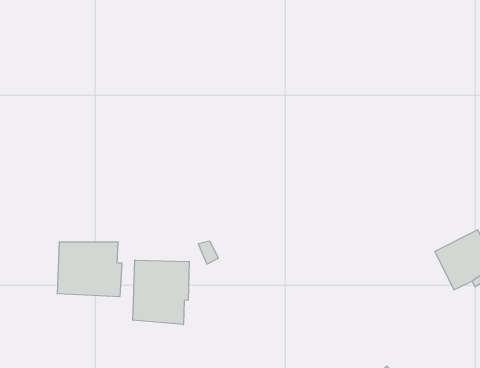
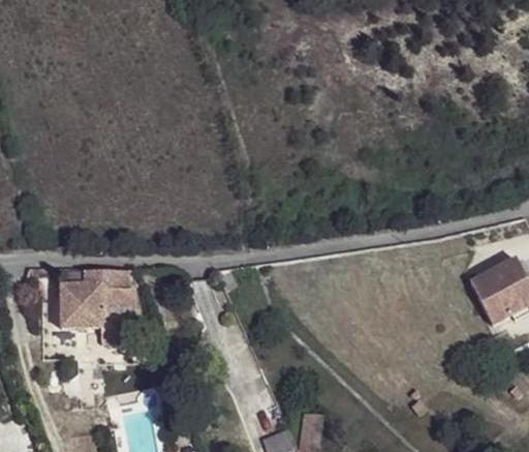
building: [133,260,189,325] -> none

